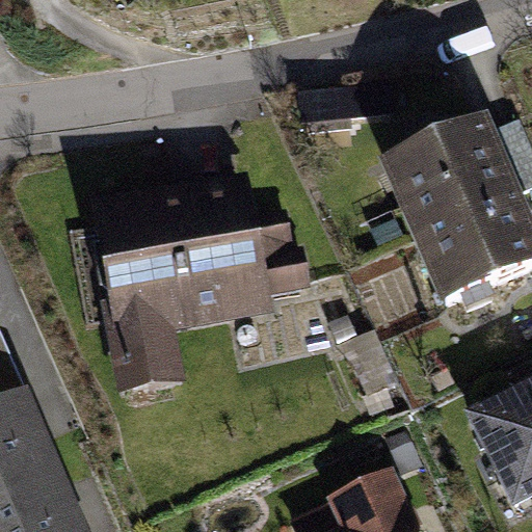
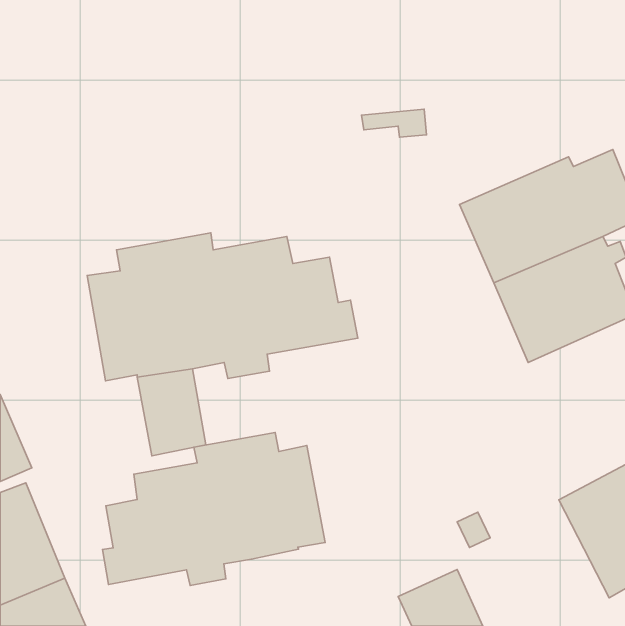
building: none -> [103,432,325,586]

